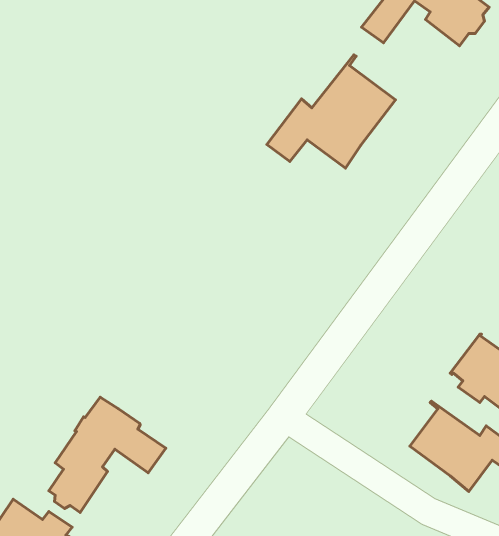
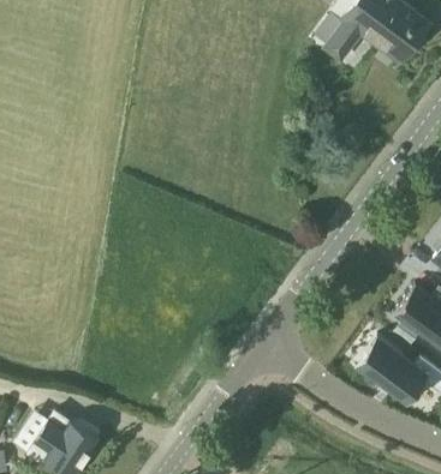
building: [267,55,396,168] -> none
building: [49,397,166,512] -> none

